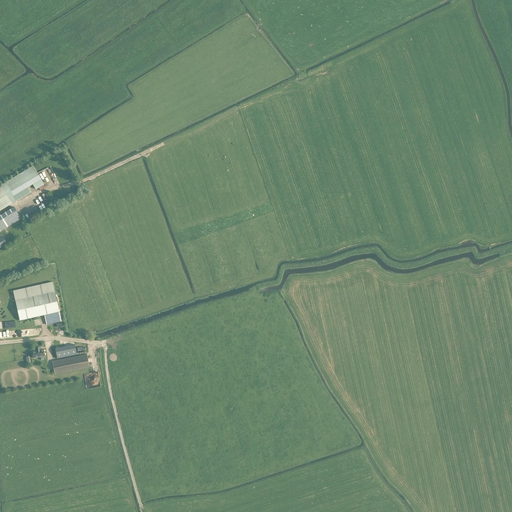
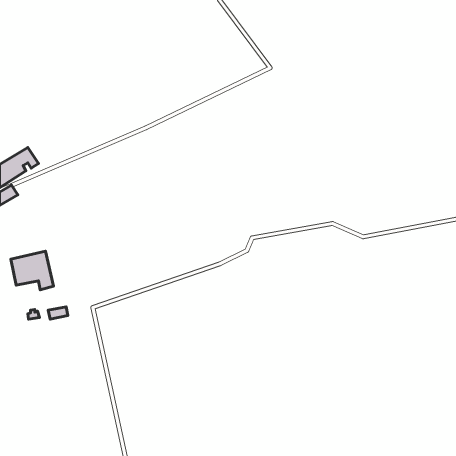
building: [51,353,88,374] -> none

